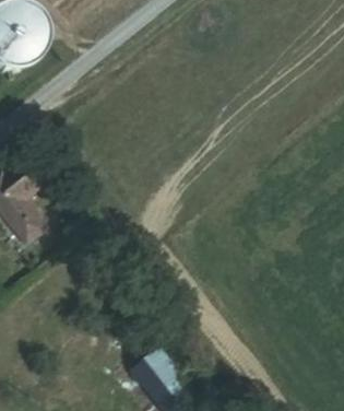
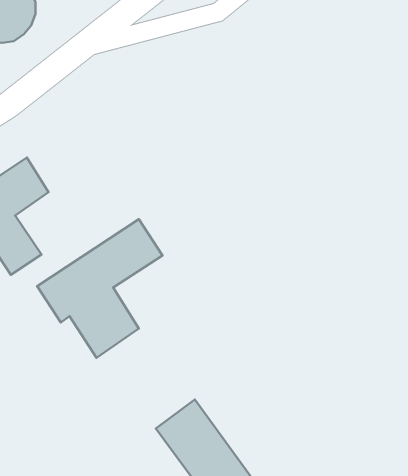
building: none -> [37,219,162,358]

